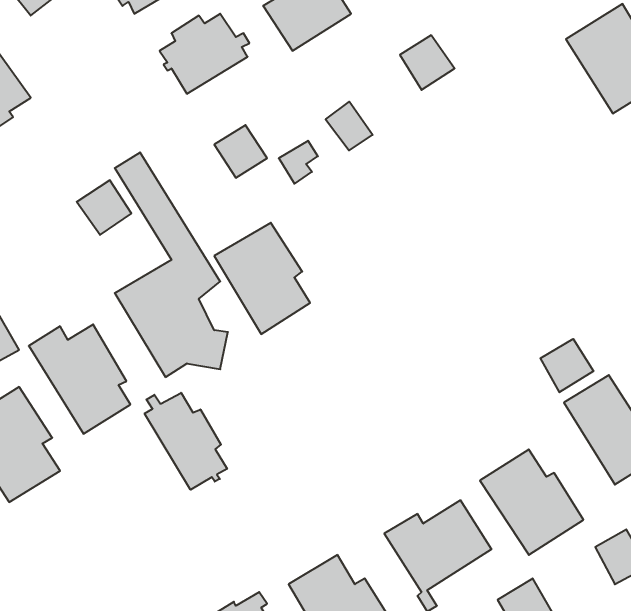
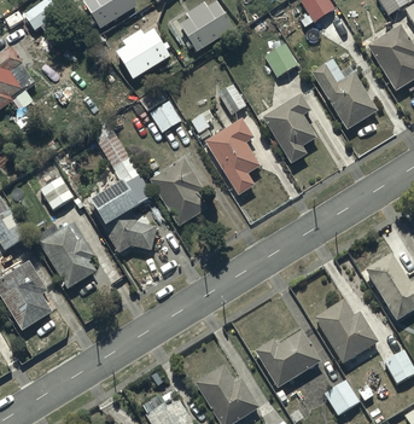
building: none -> [310,57,379,130]
building: none -> [262,93,316,164]
building: none -> [203,116,260,194]
building: [77,180,131,235] -> [39,175,72,209]
building: [540,339,593,392] -> none
building: [145,393,227,490] -> none

